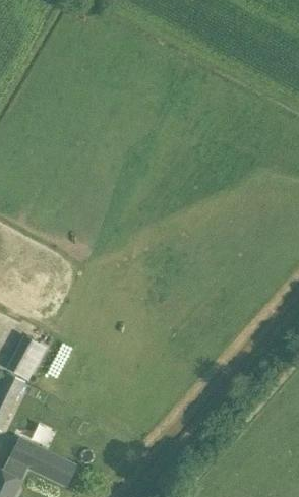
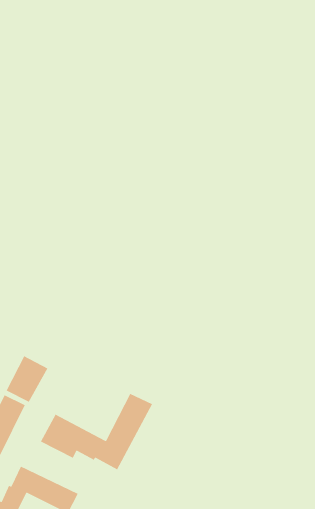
building: none -> [40,393,153,470]

